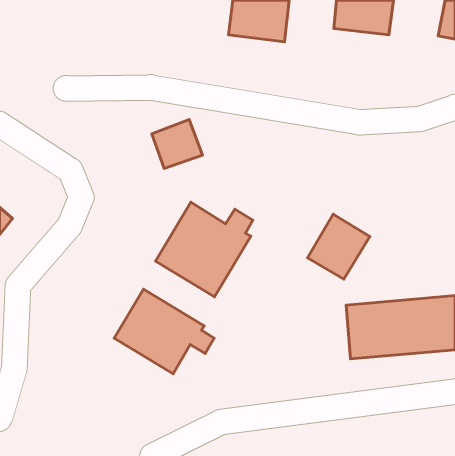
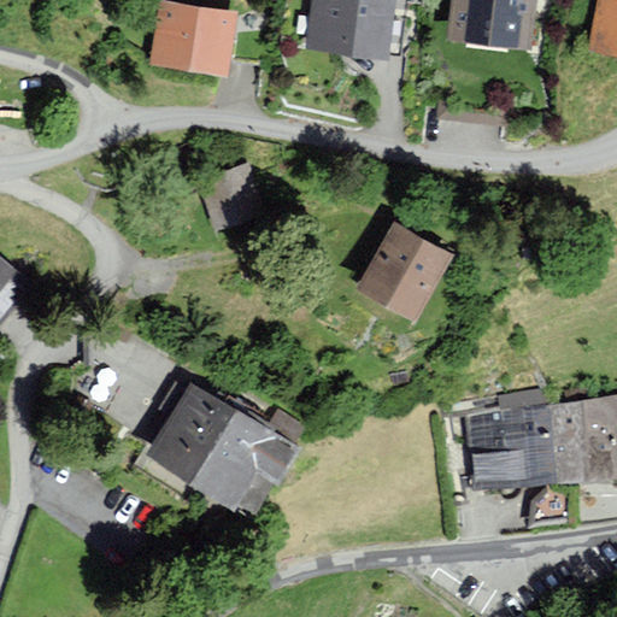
building: none -> [153,6,233,75]
building: [156,202,253,297] -> none
building: [307,214,370,279] -> [363,227,447,315]

